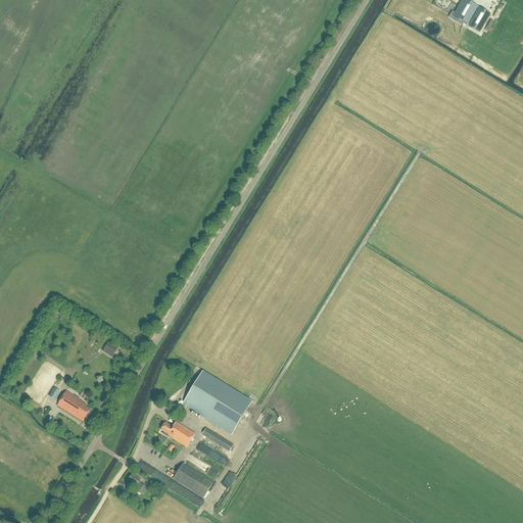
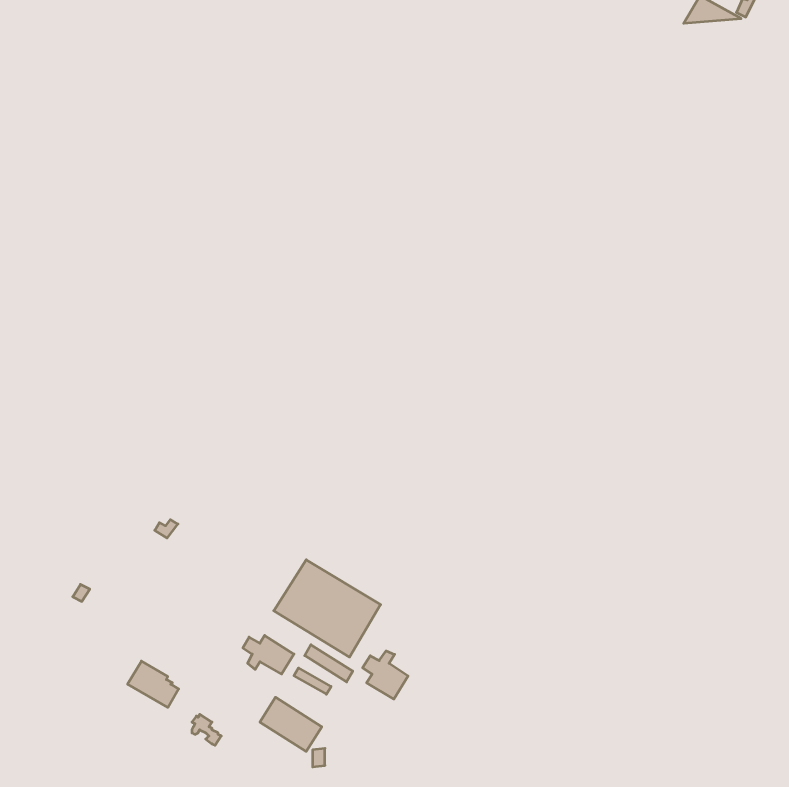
building: [56,389,90,420] -> [128,661,179,707]
building: none -> [363,651,408,699]

